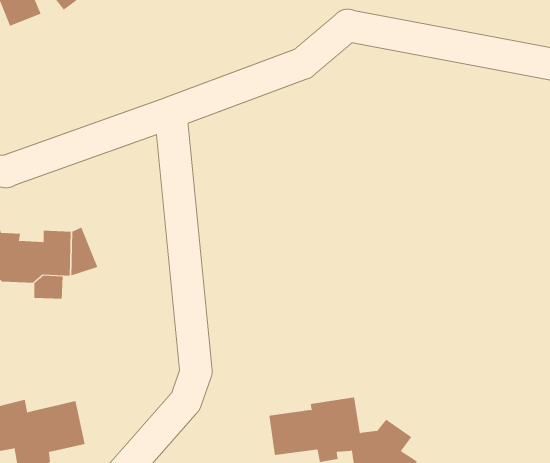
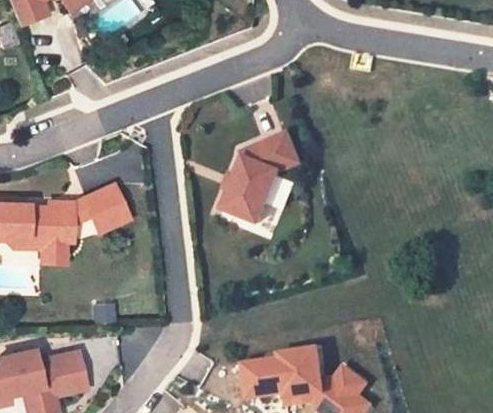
building: none -> [223,131,299,223]
building: none -> [81,186,128,234]

